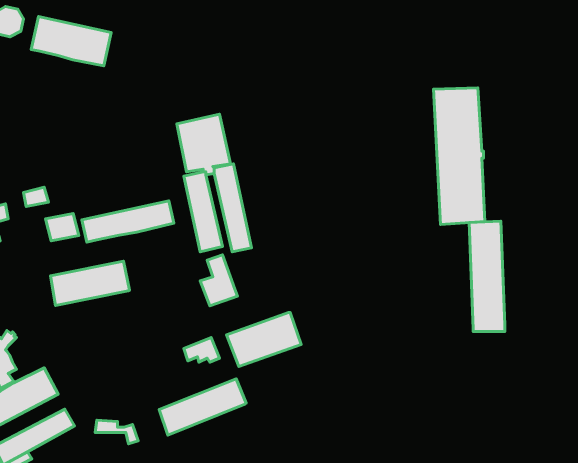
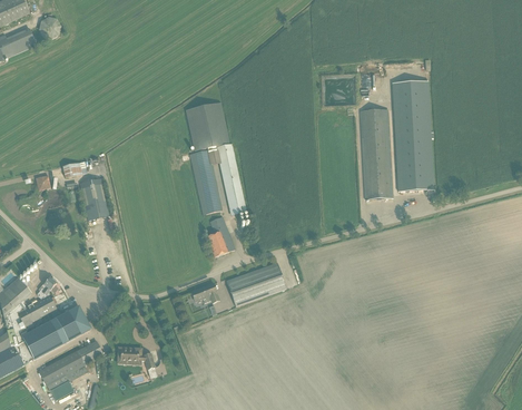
building: [31,16,111,66] -> none
building: [82,201,174,242] -> none
building: [469,221,505,332] -> [362,108,391,197]
building: [51,261,130,306] -> none
building: [159,379,246,435] -> none

